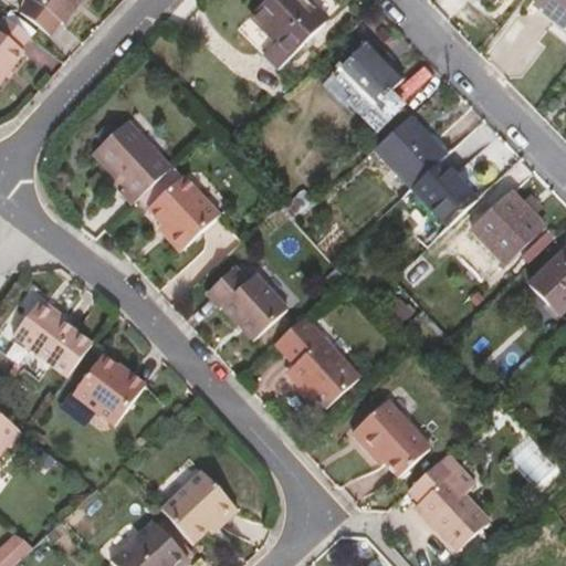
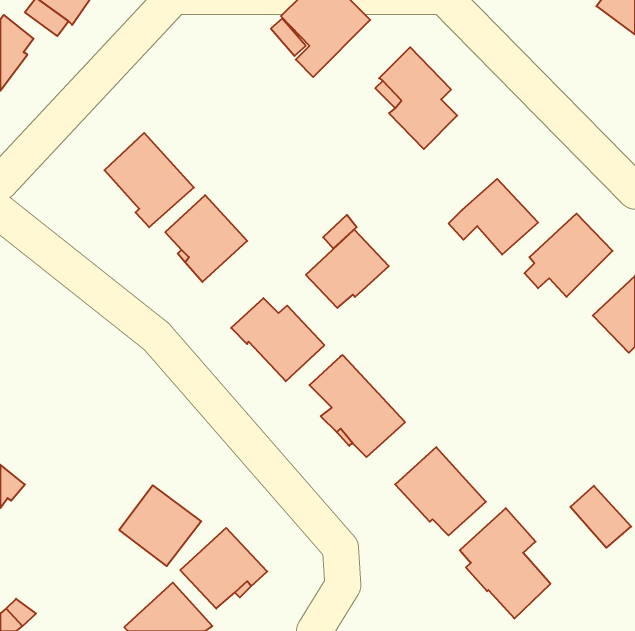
building: [375,114,448,187] -> none
building: none -> [306,229,389,308]
building: [13,301,94,377] -> none
building: [73,353,146,424] -> [119,485,201,566]

